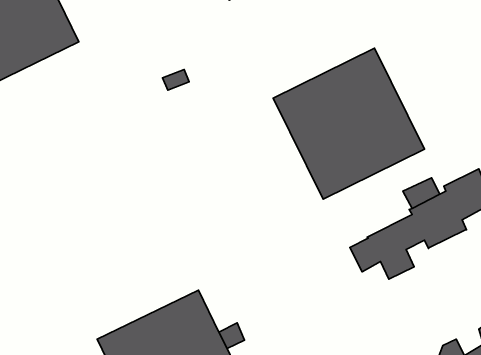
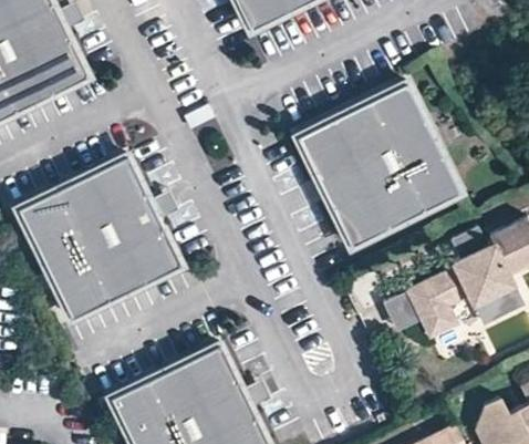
building: none -> [17,156,180,319]
building: none -> [468,280,517,320]

